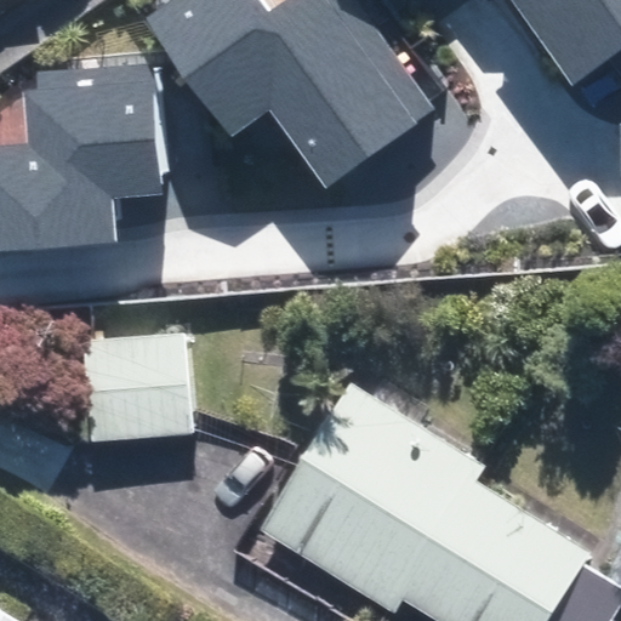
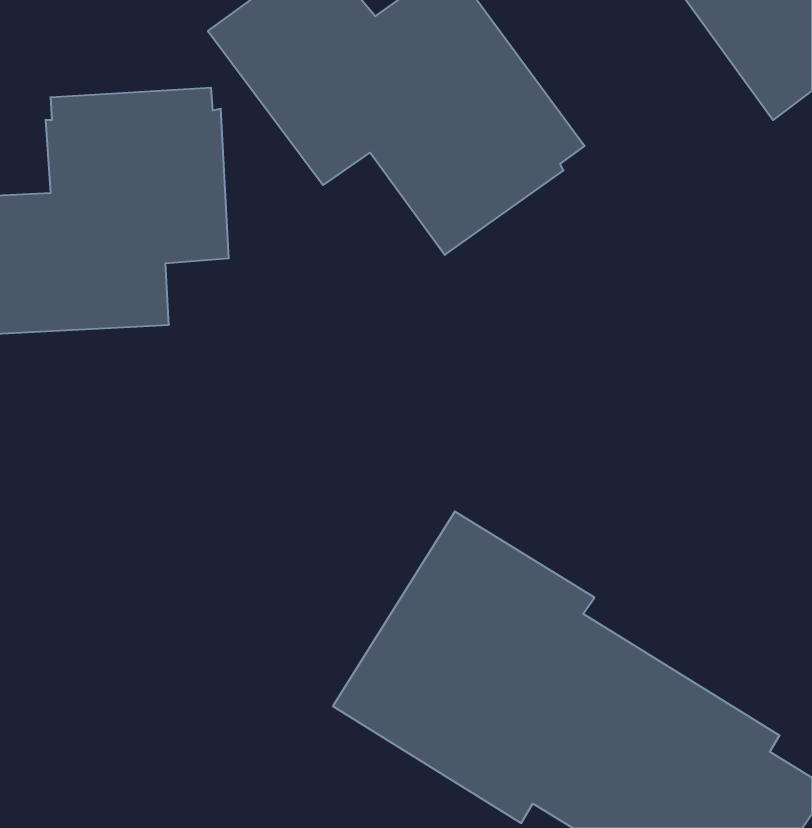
building: [74,329,186,443] -> none

